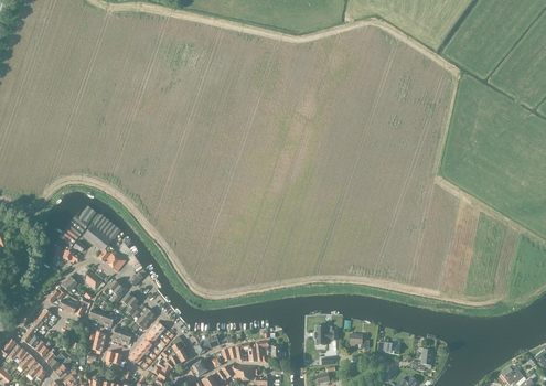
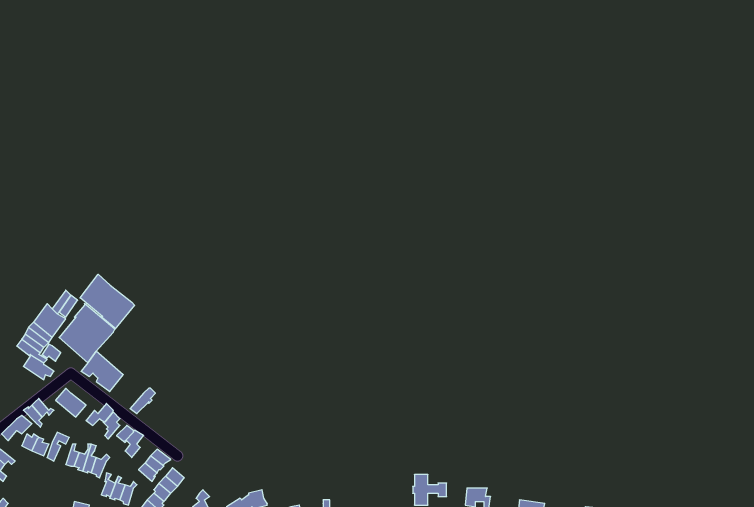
building: none -> [80,274,135,329]

